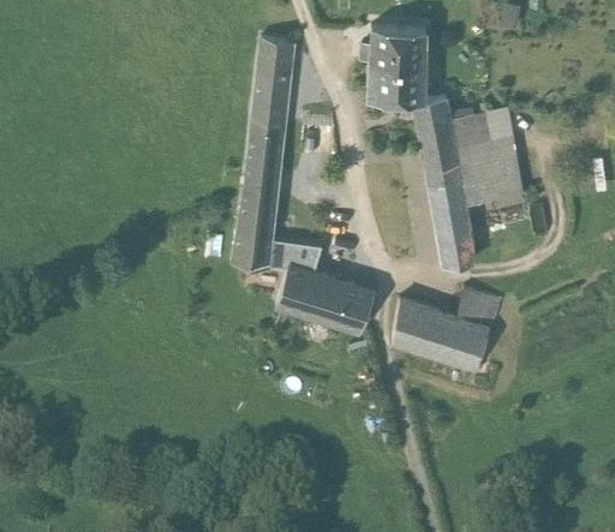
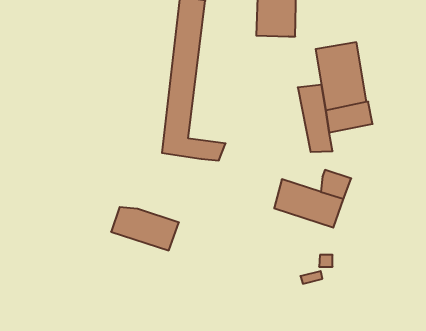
building: [413,97,460,169] -> none
building: [277,270,374,331] -> [111,207,179,250]

